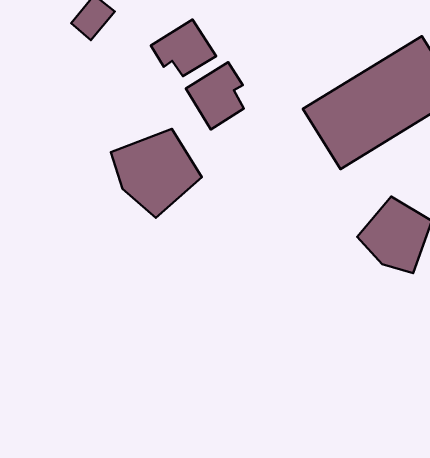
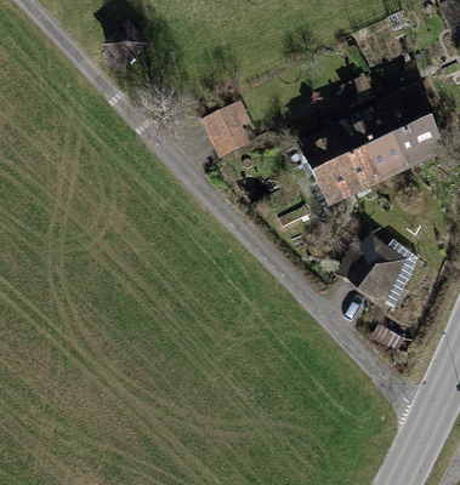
building: [151,19,216,76] -> none
building: [111,129,202,218] -> none

